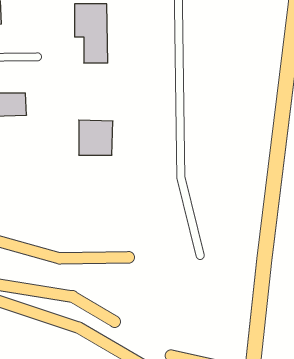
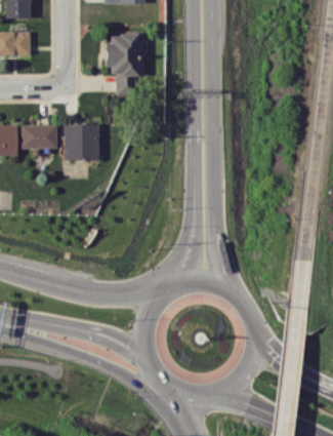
building: [79,120,113,155] -> [65,124,99,160]

